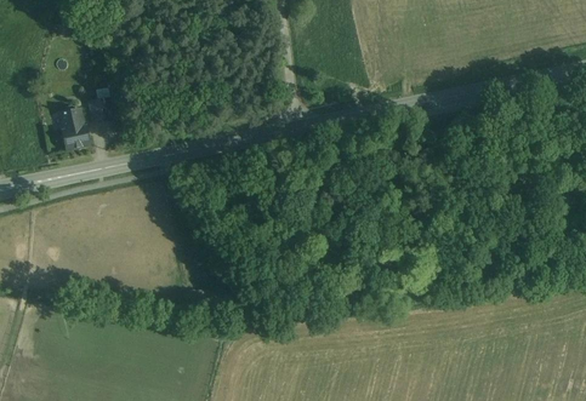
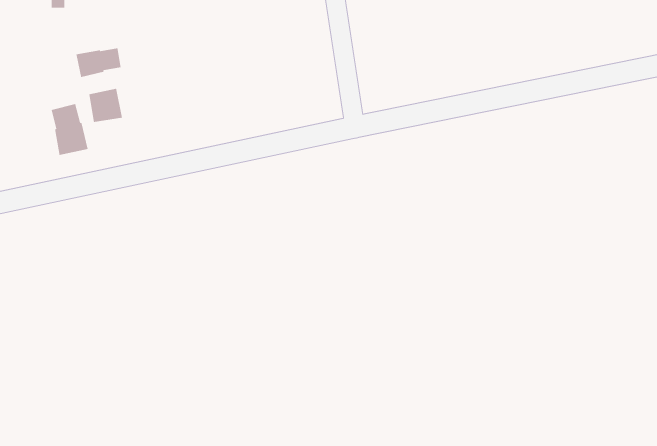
building: none -> [76,48,121,78]

